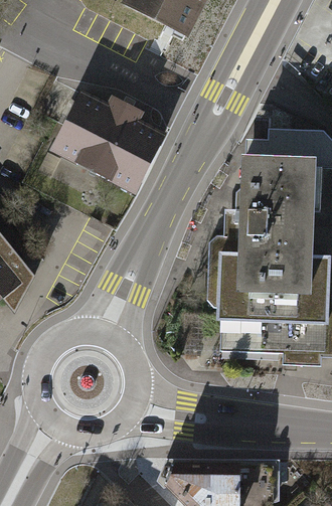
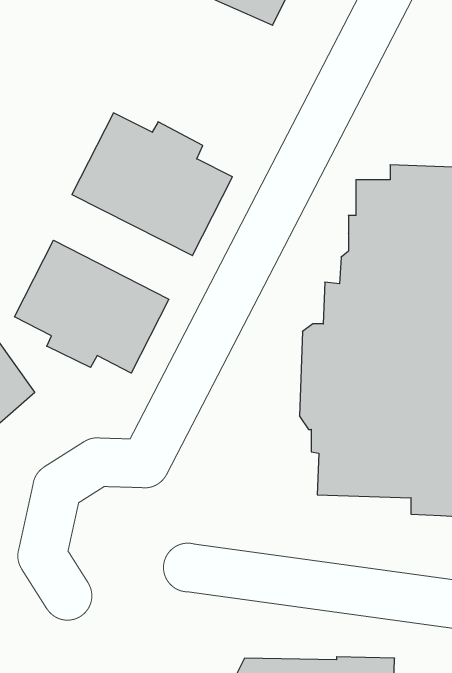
building: none -> [15,240,169,373]

